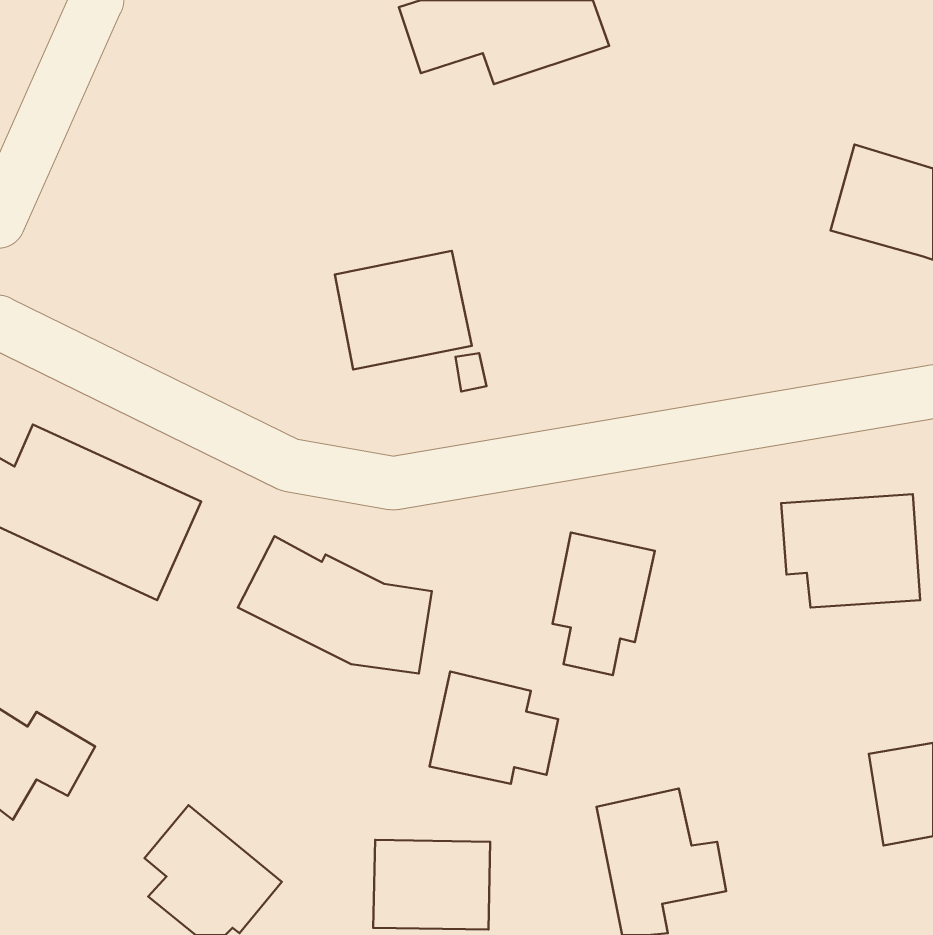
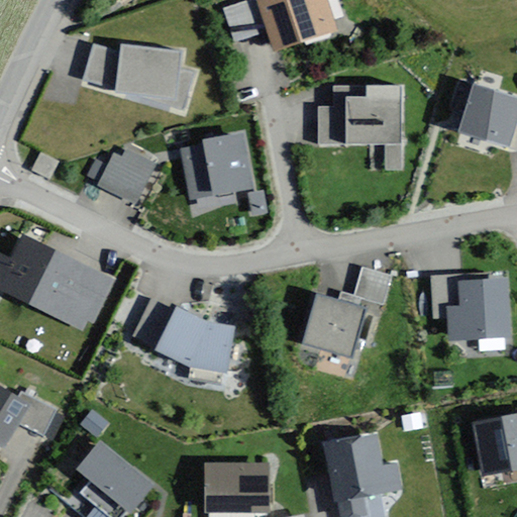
building: none -> [81,39,194,110]
building: none -> [317,84,407,170]
building: none -> [101,152,159,207]
building: none -> [356,268,392,302]
building: [429,672,558,784] -> none

